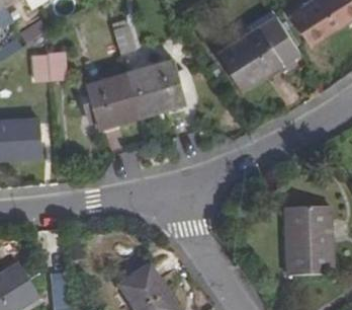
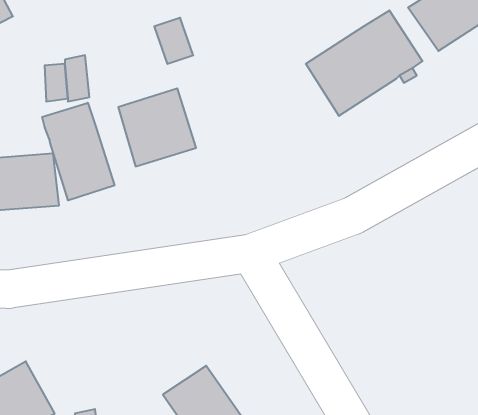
building: [126,59,186,113] -> none
building: none -> [42,103,114,200]
building: [286,205,331,274] -> none

